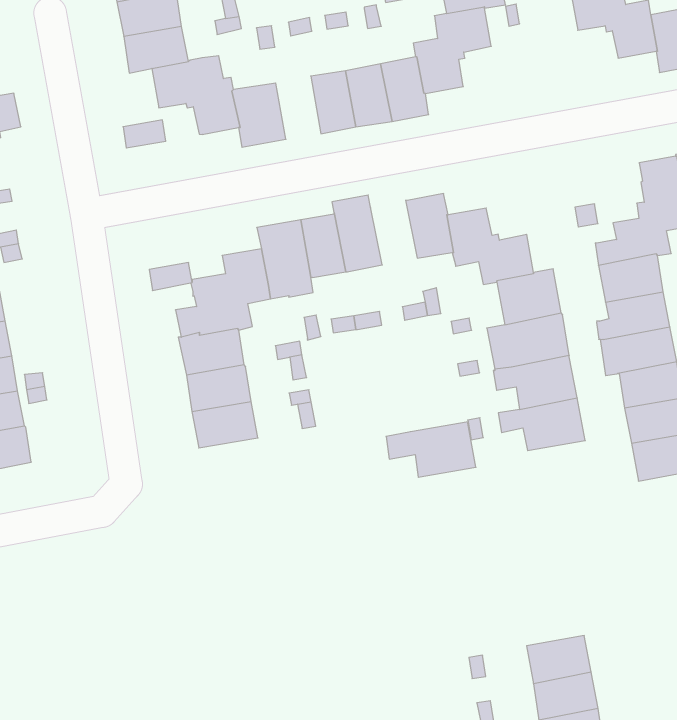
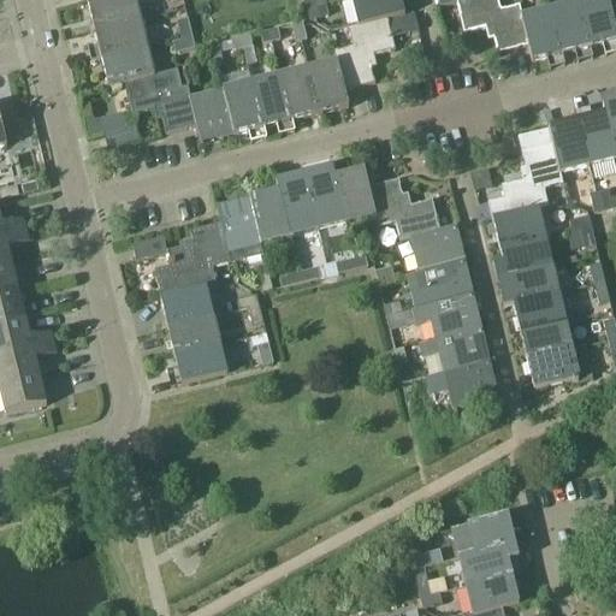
building: none -> [225,78,263,130]
building: none -> [304,164,346,226]
building: [386,422,476,477] -> [425,357,498,404]

